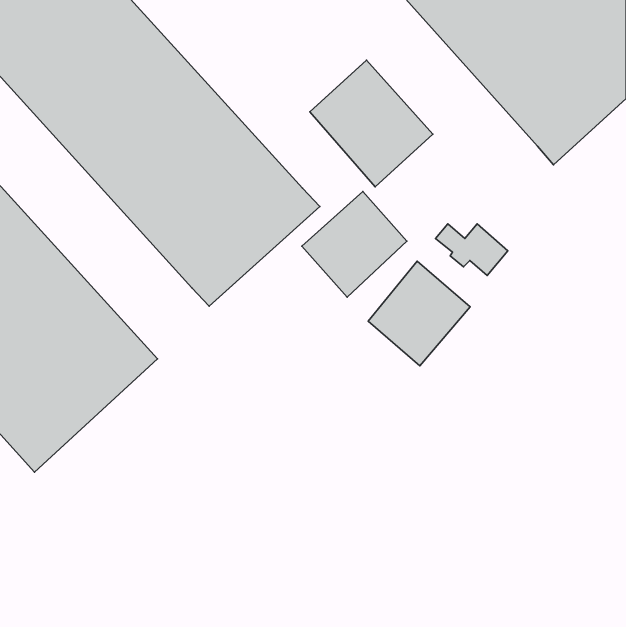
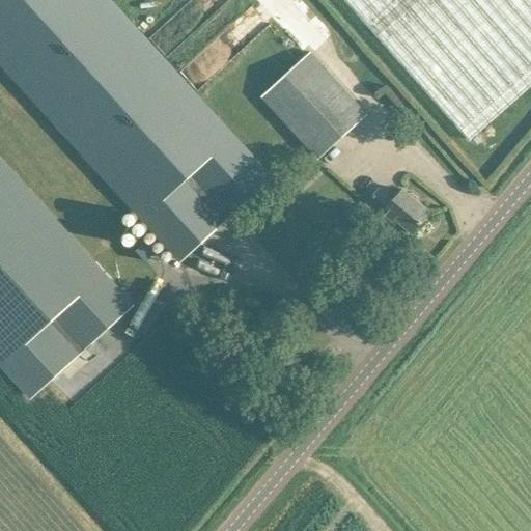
building: [302,191,407,297] -> none
building: [368,261,470,366] -> none

